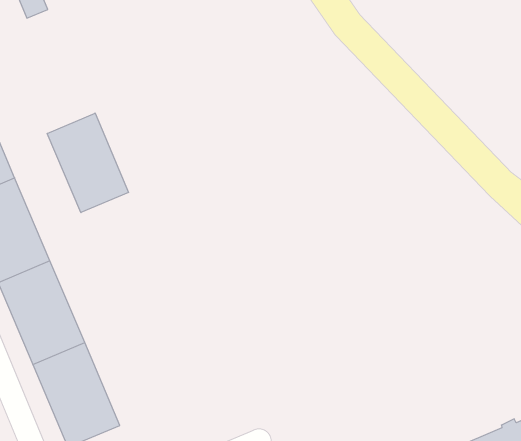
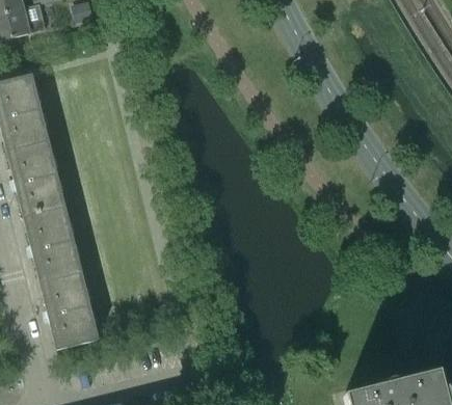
building: [47,113,129,213] -> none

